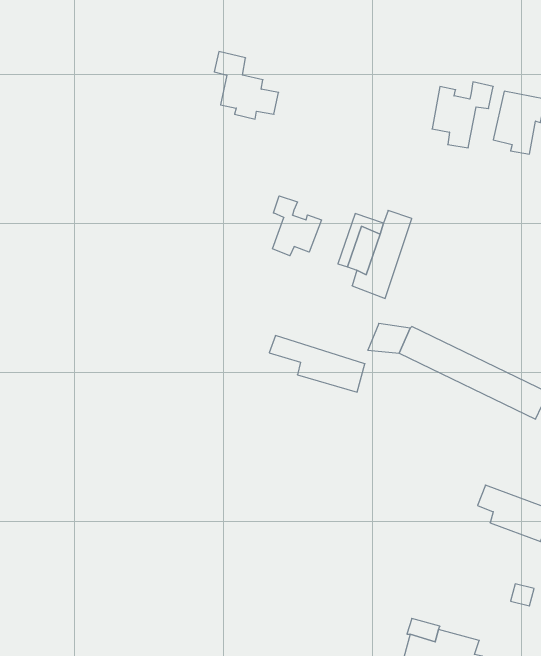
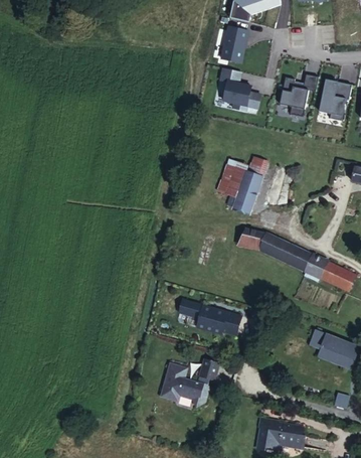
building: none -> [217,27,245,62]
building: [214,52,279,119] -> [219,68,260,112]
building: [272,196,321,256] -> none
building: [269,336,365,392] -> [178,300,239,336]
building: none -> [158,350,218,407]

